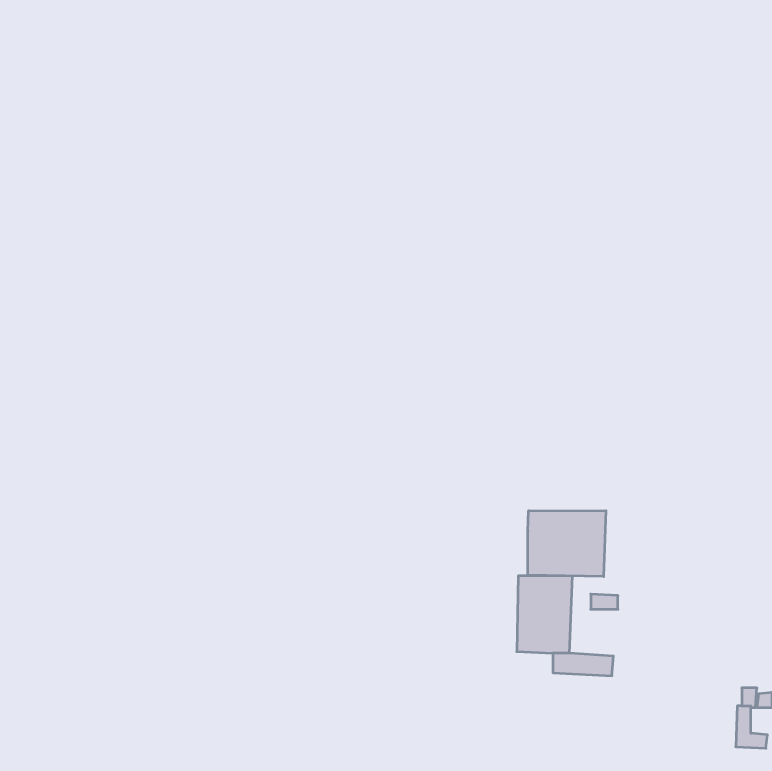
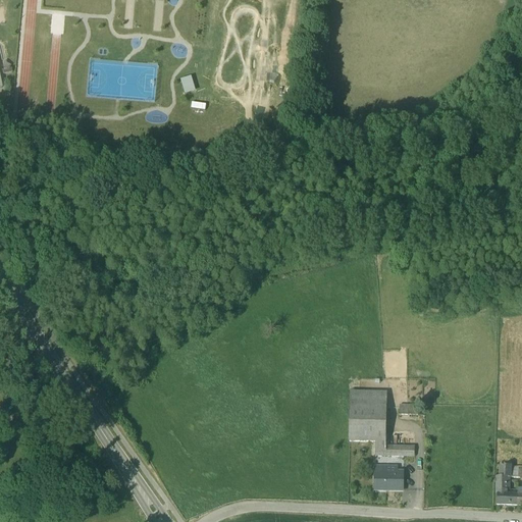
building: [528,511,606,577] -> none
building: none -> [374,464,403,487]

